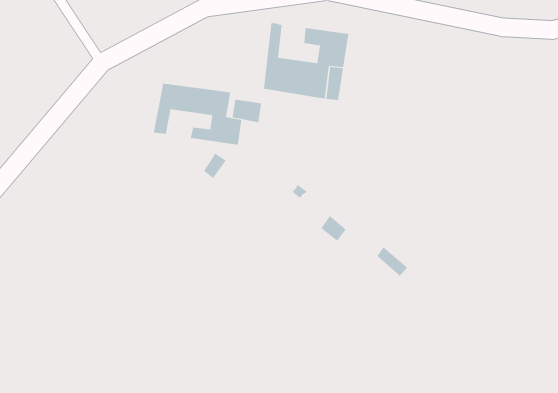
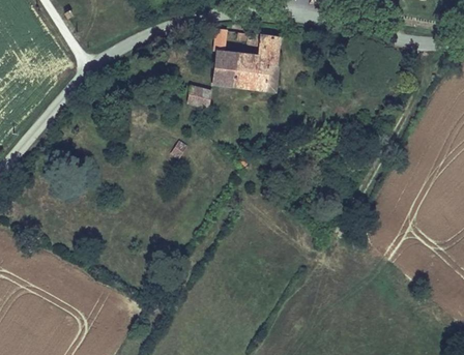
building: [153,83,242,145] -> none

